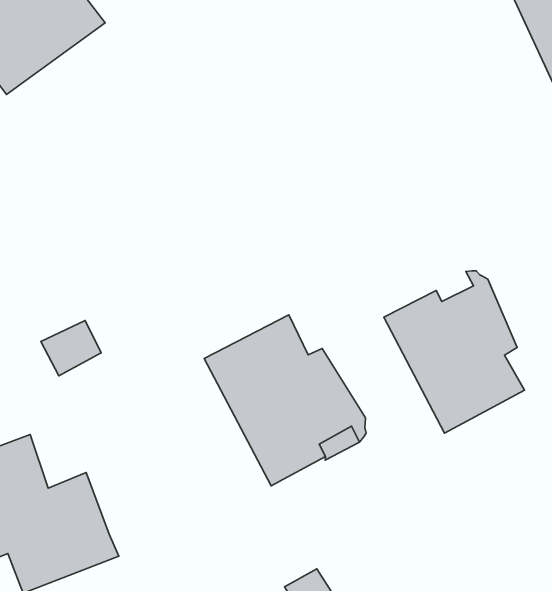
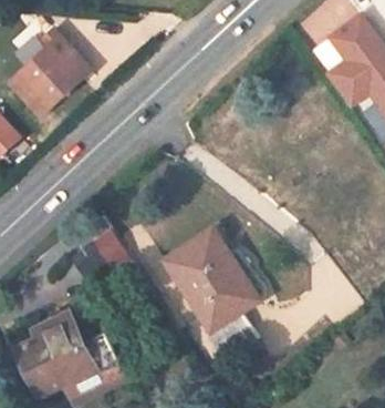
building: [384,271,525,433] -> none

